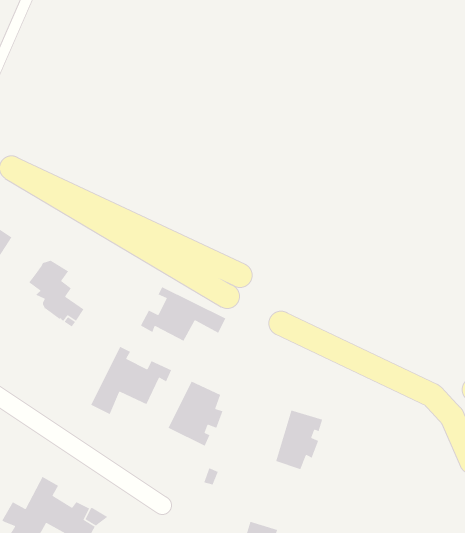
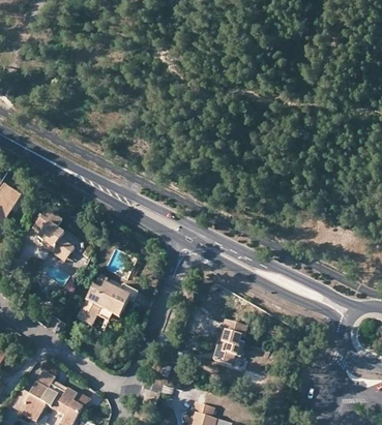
building: [140,286,226,342] -> none
building: [167,380,224,447] -> none

